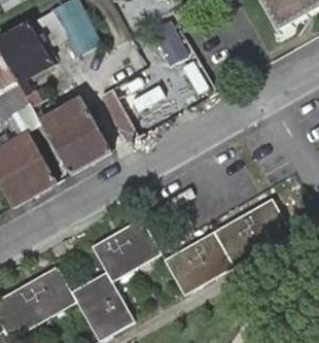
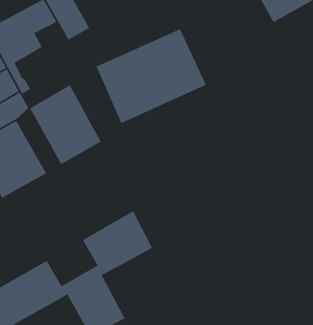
building: [164,199,289,294] -> none

